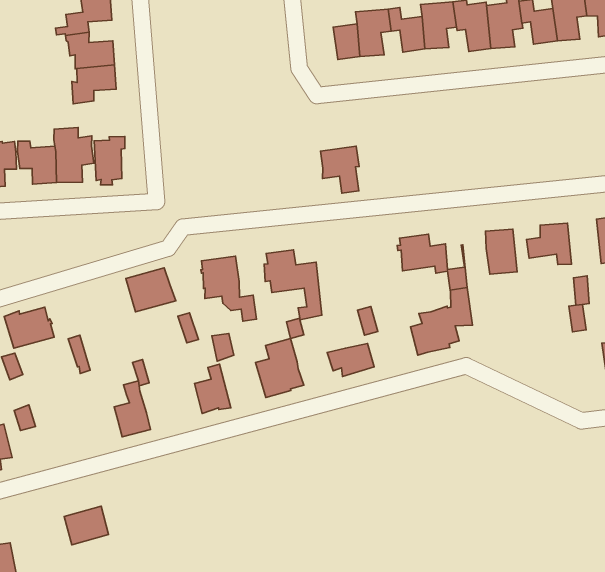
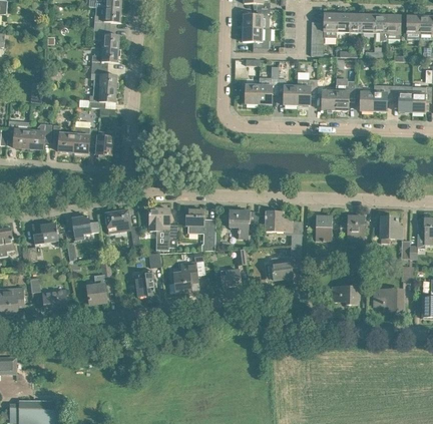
building: [320,146,359,193] -> [228,210,250,237]
building: none -> [72,215,99,240]
building: none -> [332,286,358,305]
building: [64,506,109,545] -> [42,290,66,310]

